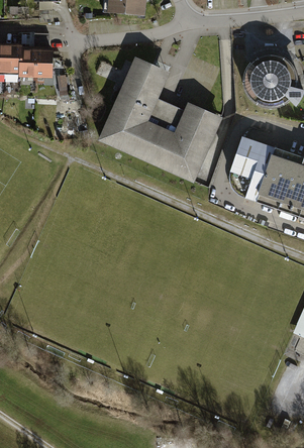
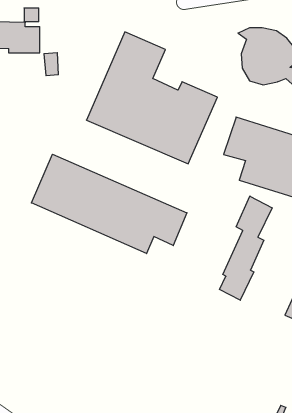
building: none -> [31,154,187,254]
building: none -> [220,196,272,300]

